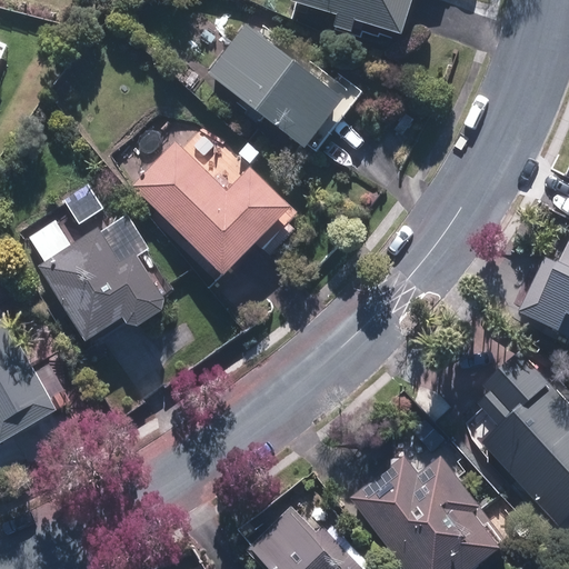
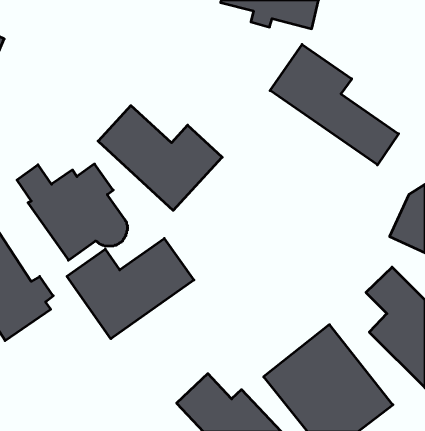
building: [201,13,359,156] -> none
building: none -> [270,44,399,165]
building: none -> [67,238,194,339]

